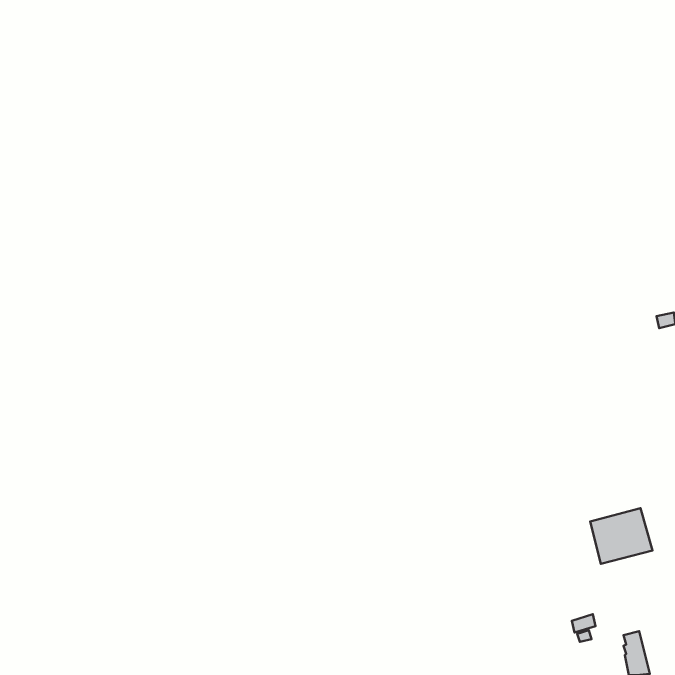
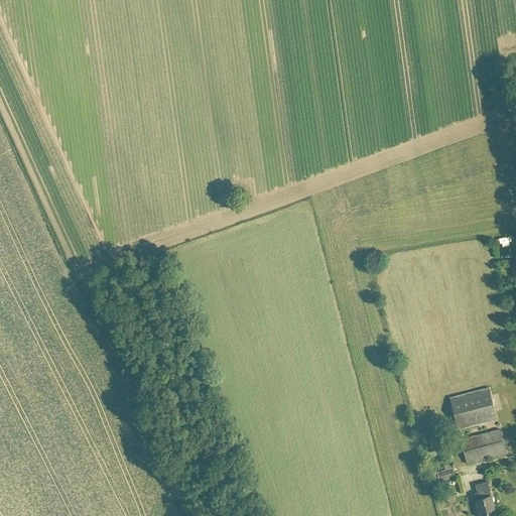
building: none -> [460,429,505,464]

